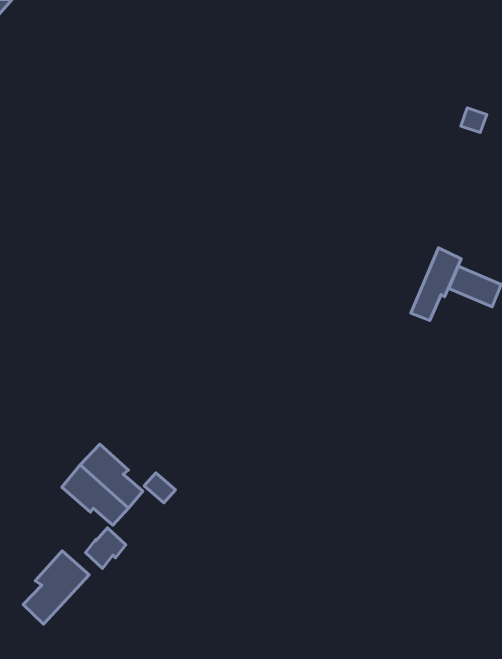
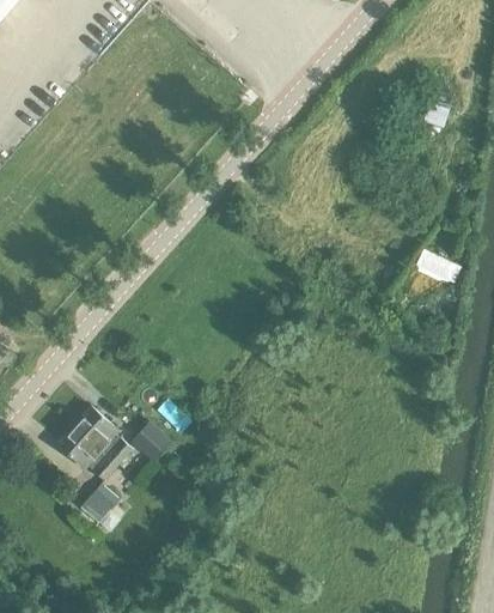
building: [411,248,461,321] -> none
building: [23,551,89,624] -> none

